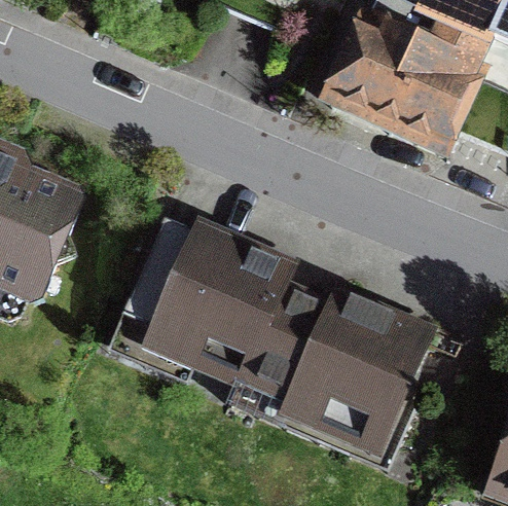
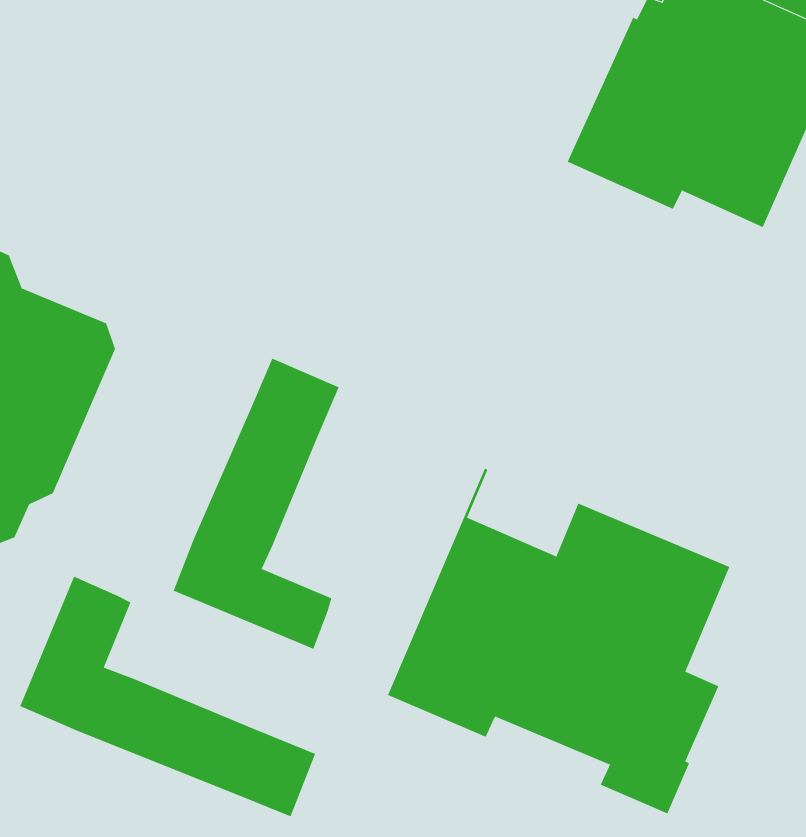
building: [160,227,288,371] -> none
building: none -> [19,576,316,817]

